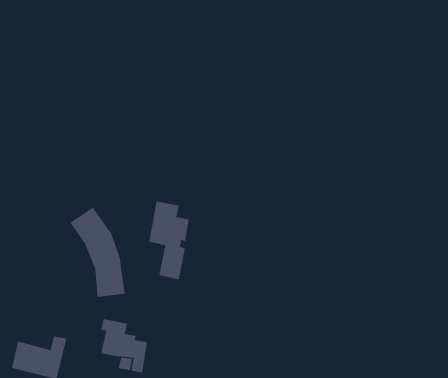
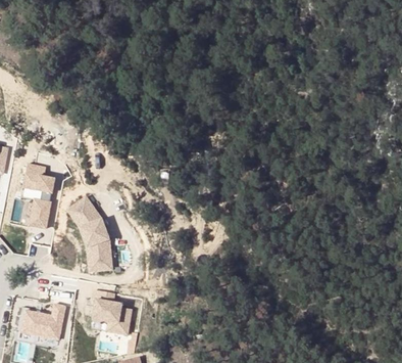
building: [148,201,189,280] -> [19,163,53,228]

